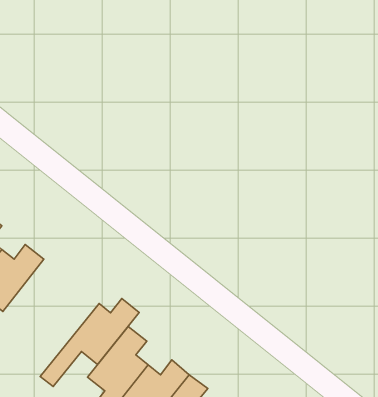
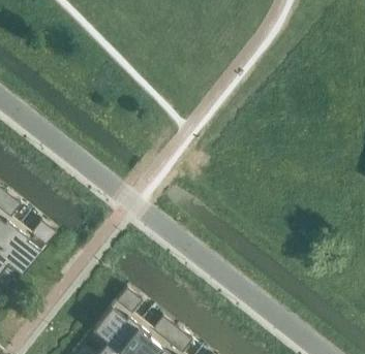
building: [40,299,139,387] -> none

